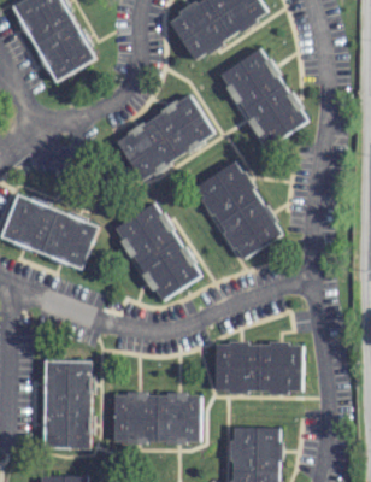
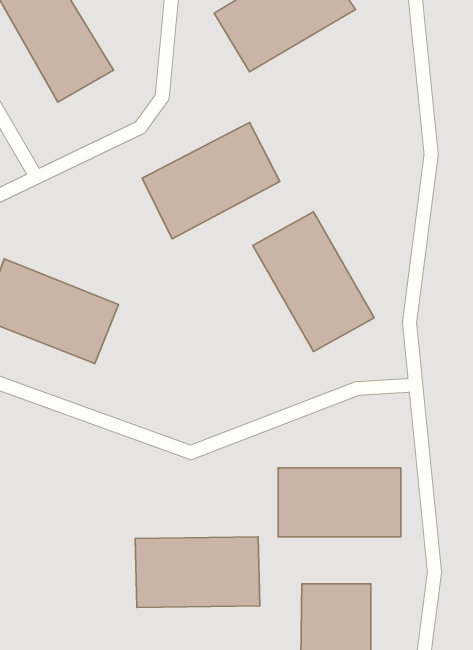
building: [219,47,308,148] -> none
building: [114,201,200,302] -> none
building: [43,360,92,448] -> none

